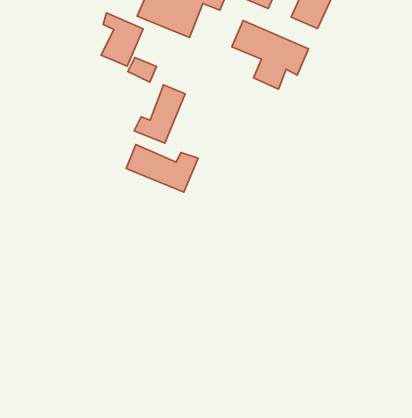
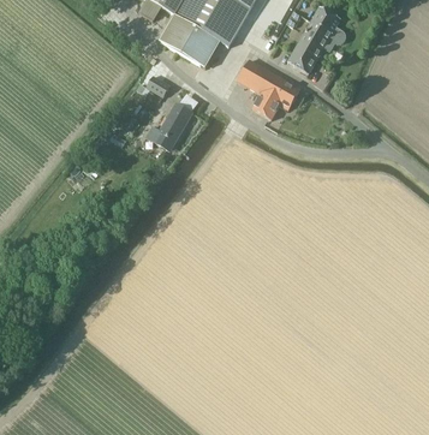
building: [101,13,143,66] -> none
building: [126,144,198,192] -> none

